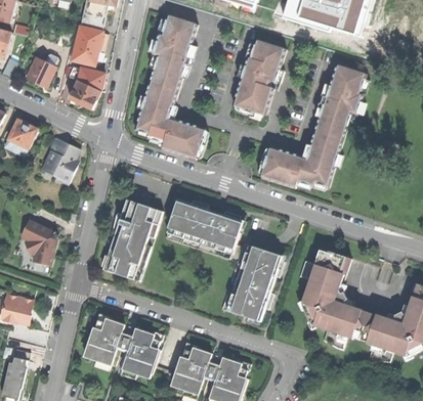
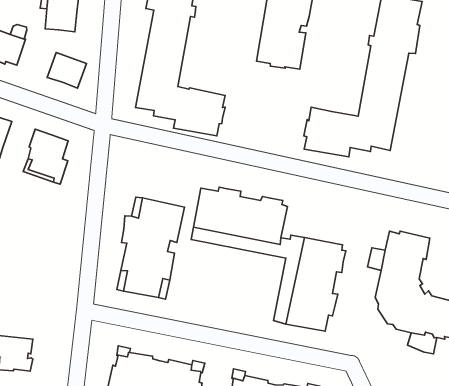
building: [64,68,104,91] -> none
building: [20,220,56,265] -> none

